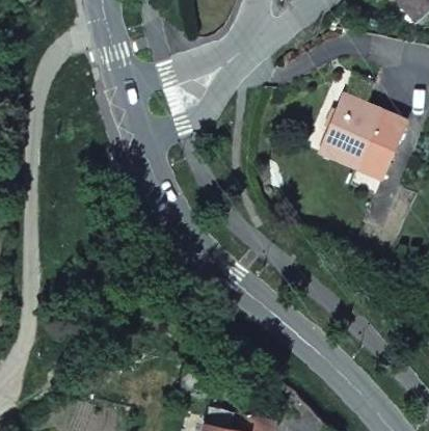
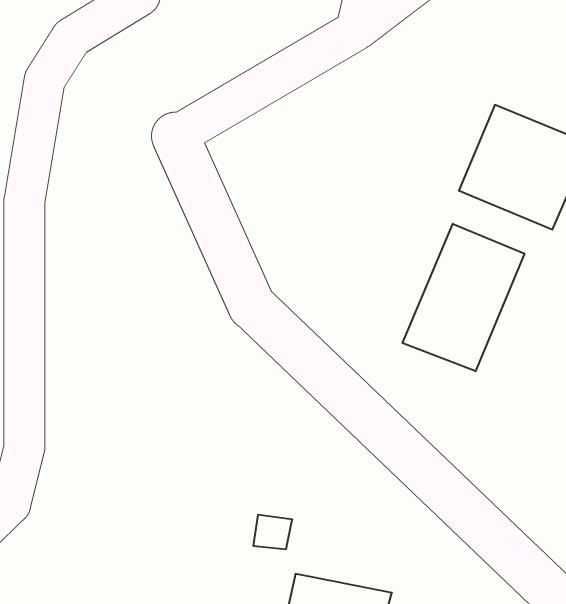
building: none -> [402,224,524,371]

